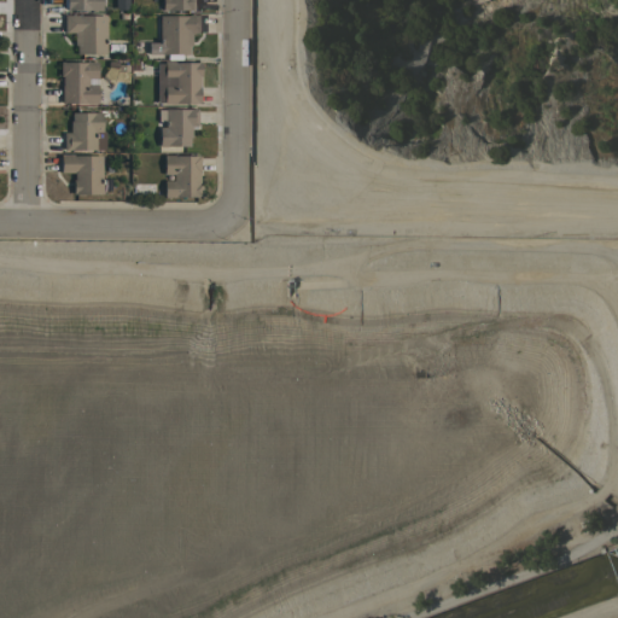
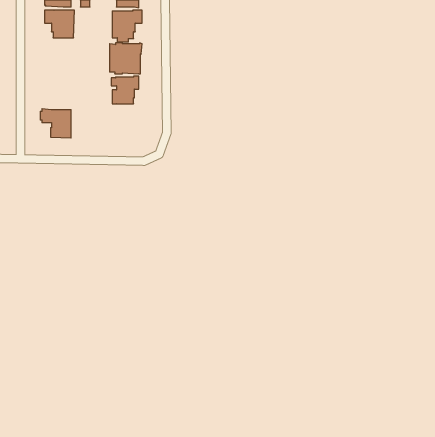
building: [62,62,99,105] -> none
building: [65,112,104,151] -> none
building: [165,156,204,198] -> none

